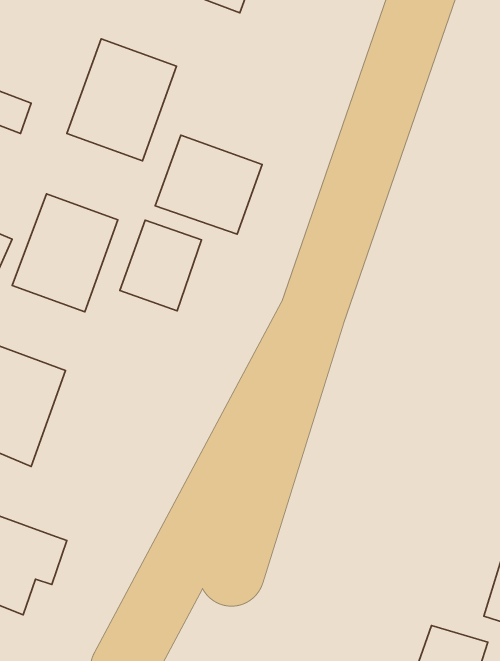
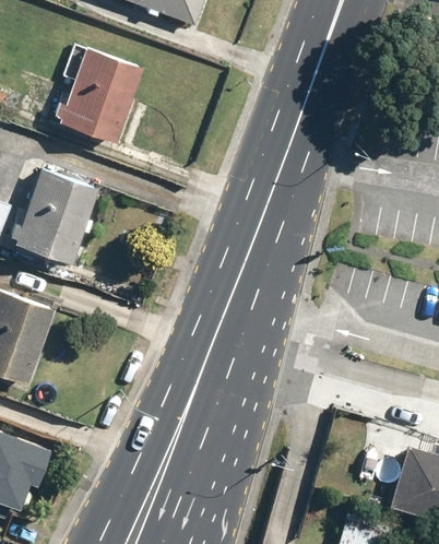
building: [155,135,262,234] -> none
building: [120,220,202,311] -> none

